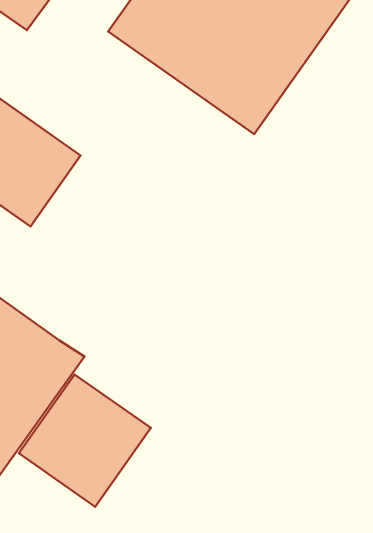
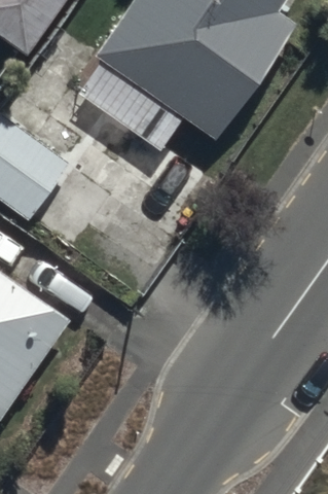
building: [19,374,151,507] -> none

